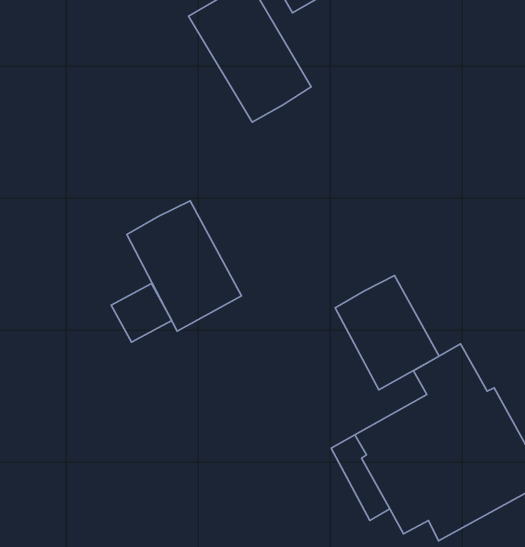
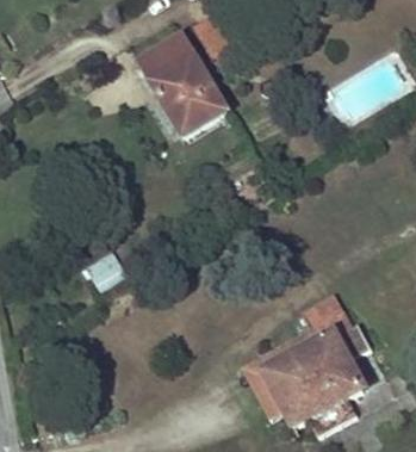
building: [127,201,242,331] -> none
building: [335,276,439,390] -> none

